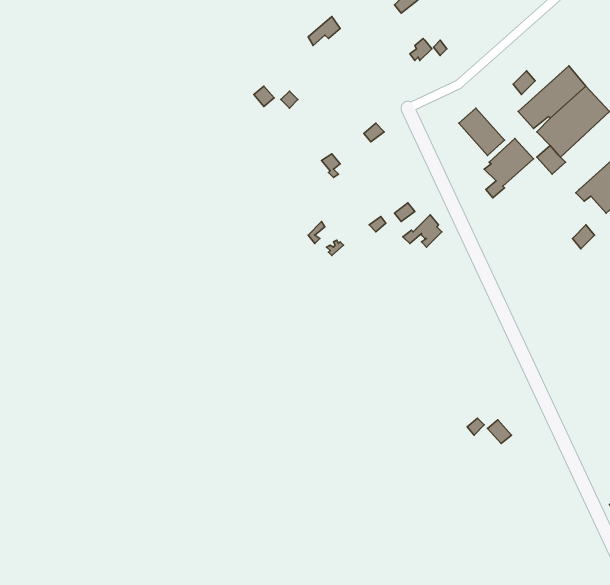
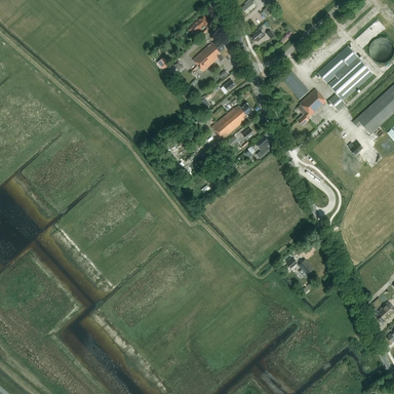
building: none -> [192,40,225,71]
building: none -> [211,103,252,140]

